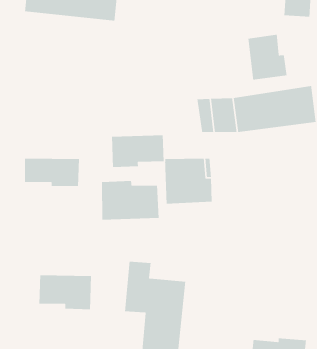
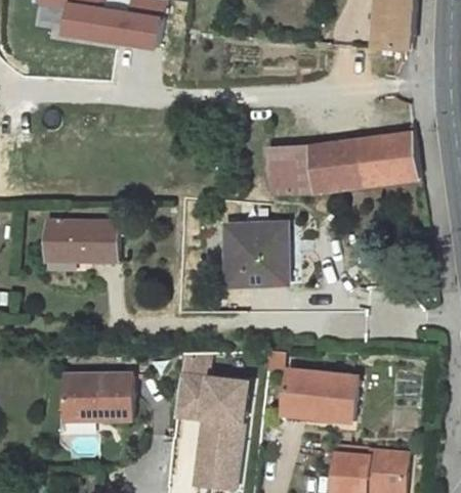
building: [247,34,288,81] -> none
building: [111,135,164,168] -> none
building: [101,180,160,220] -> none
building: none -> [282,366,352,423]

